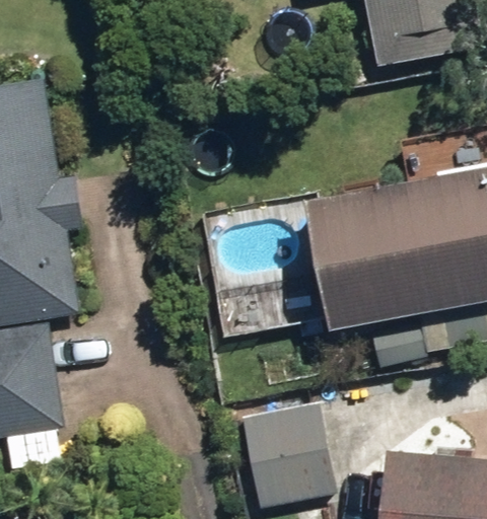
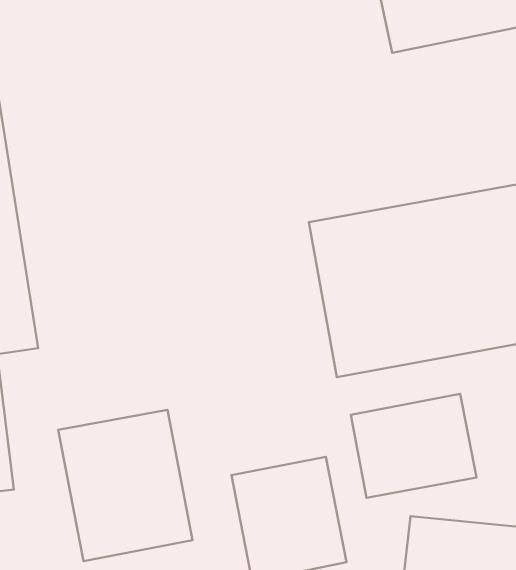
building: none -> [351,394,476,498]
building: none -> [58,410,192,561]

